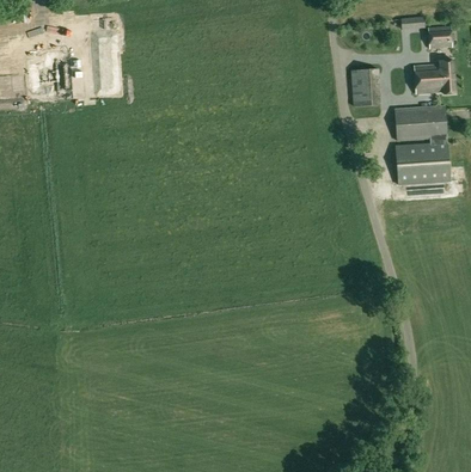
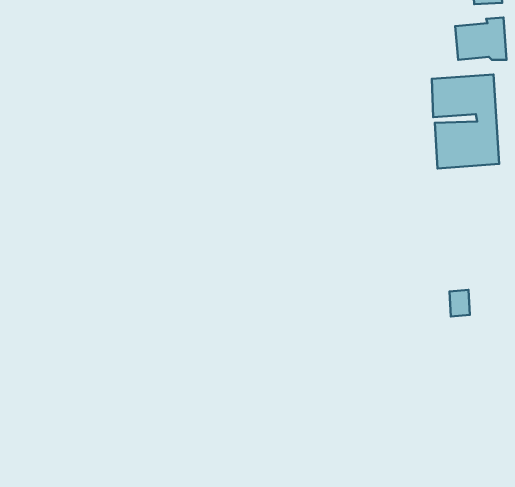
building: [350,68,379,106] -> none

